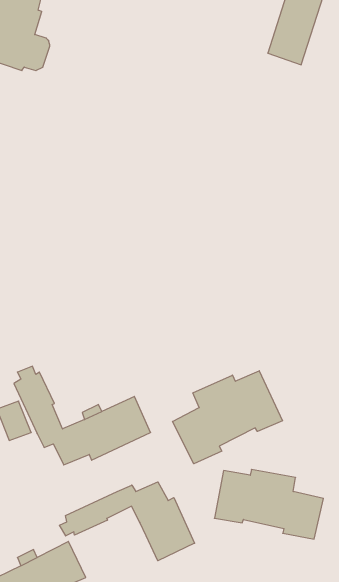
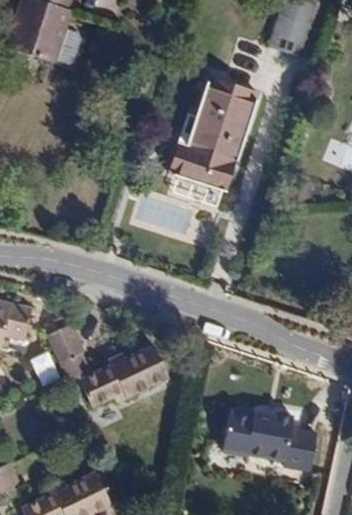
building: none -> [166,80,259,192]
building: [173,371,282,464] -> none
building: [59,482,195,561] -> none

